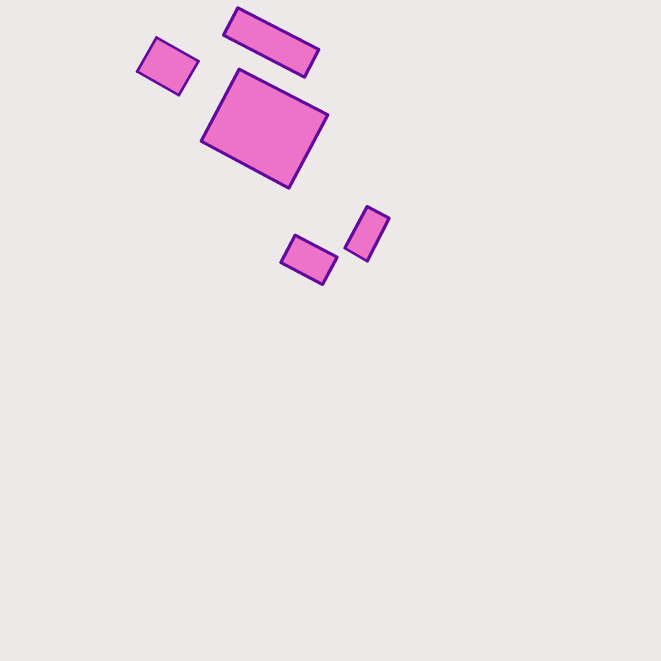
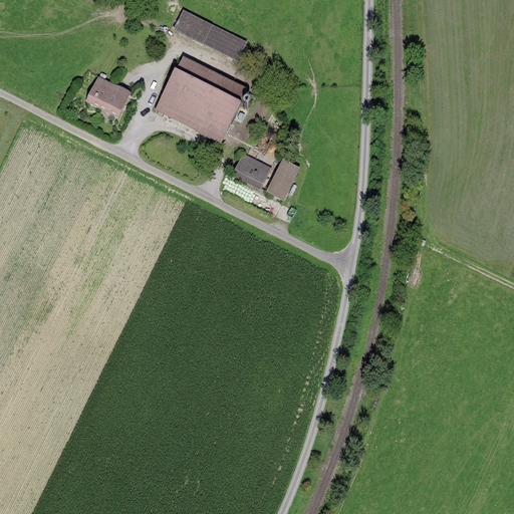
building: [137,38,198,95] -> [84,75,132,119]
building: [281,235,337,285] -> [230,151,273,189]

